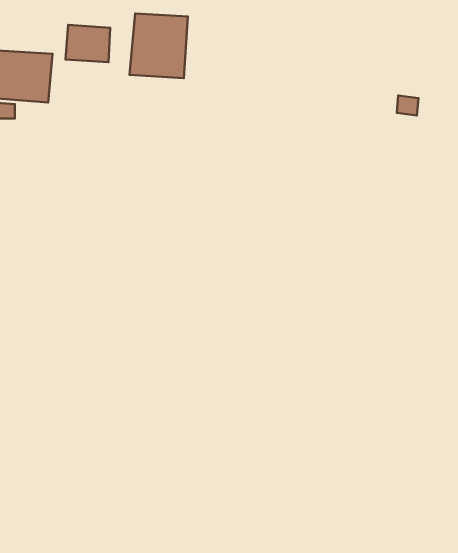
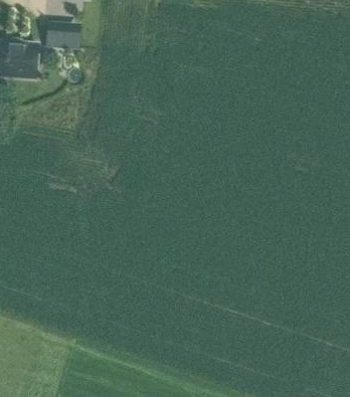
building: [129,14,188,78] -> none

